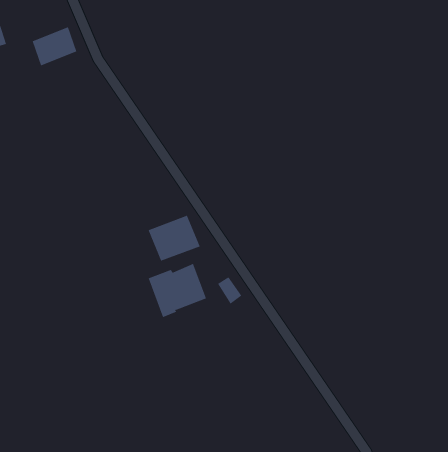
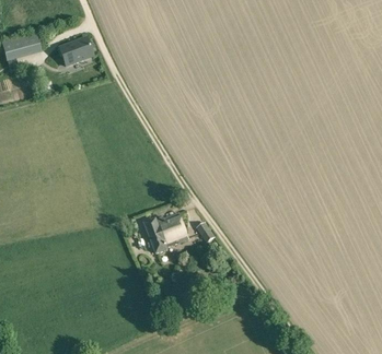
building: [148,215,200,262] -> none

